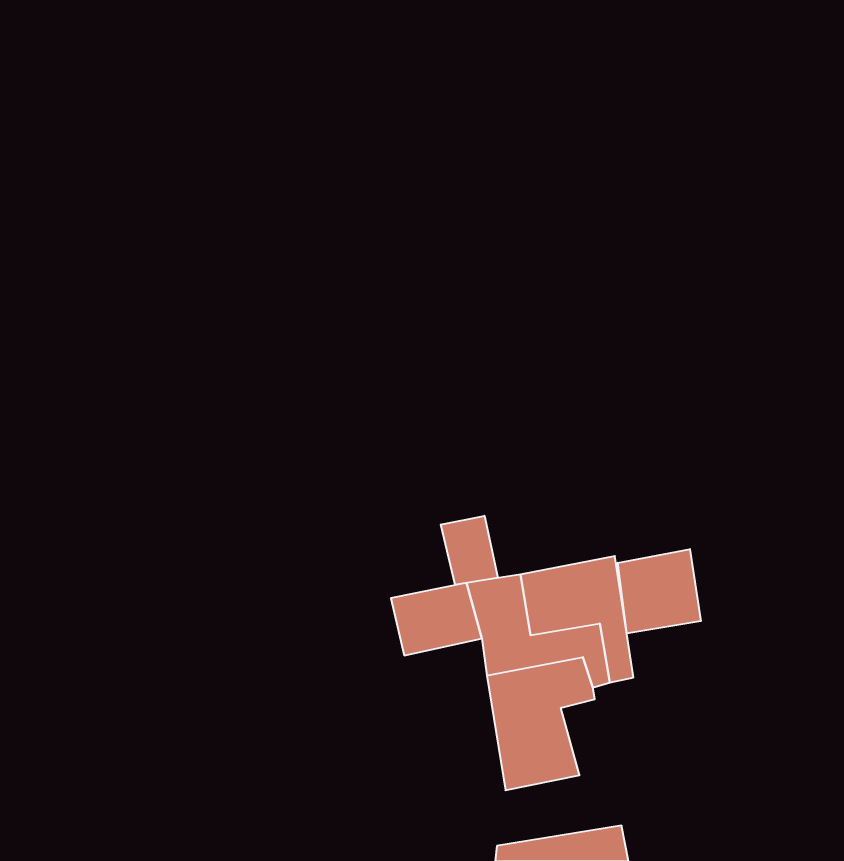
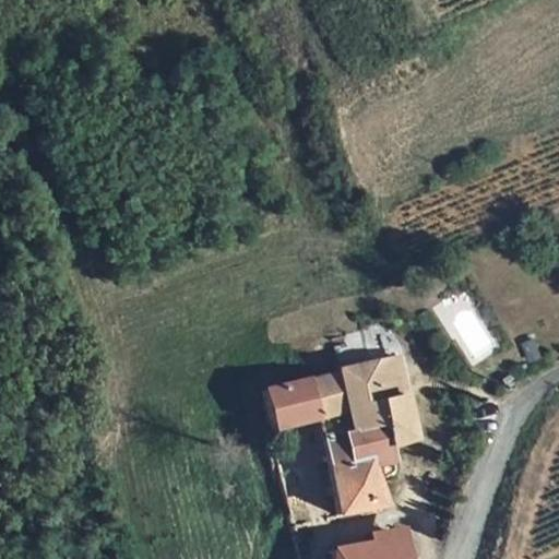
building: [441,516,498,585] -> none
building: [618,549,701,634] -> none

